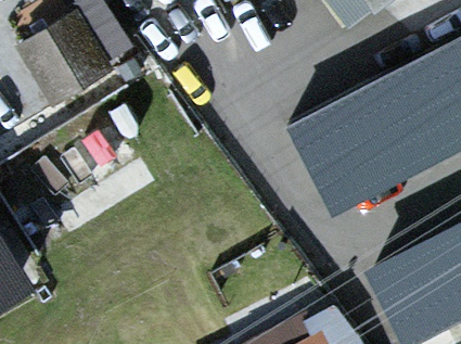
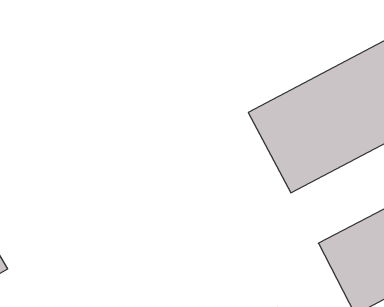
building: [23,16,111,99] -> none

